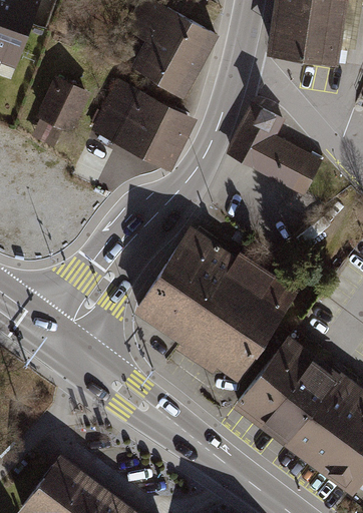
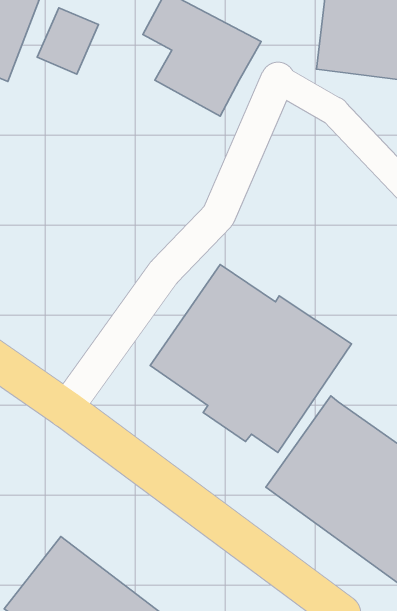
building: [40,80,91,135] -> [37,8,98,74]
building: [93,81,198,172] -> none
building: [227,104,323,196] -> none

